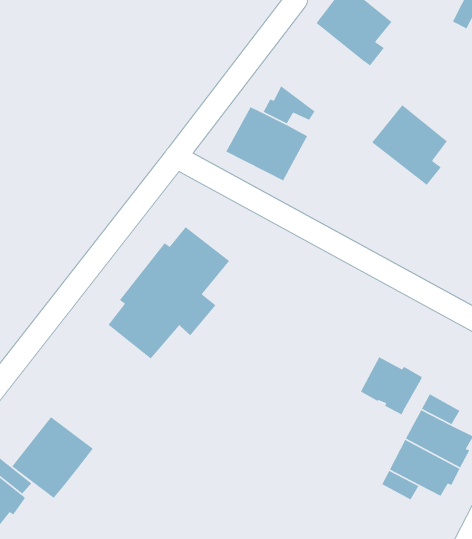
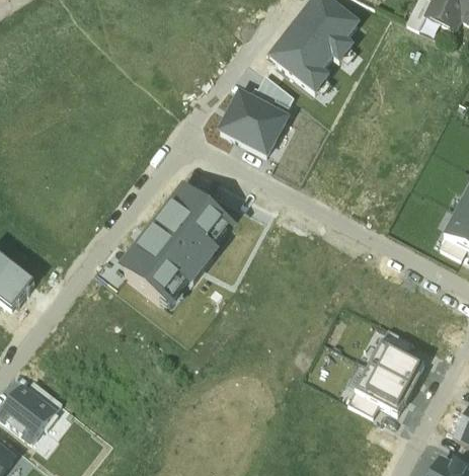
building: [371,104,448,186] -> [269,23,332,90]
building: [360,356,423,415] -> none
building: [11,416,94,499] -> none

